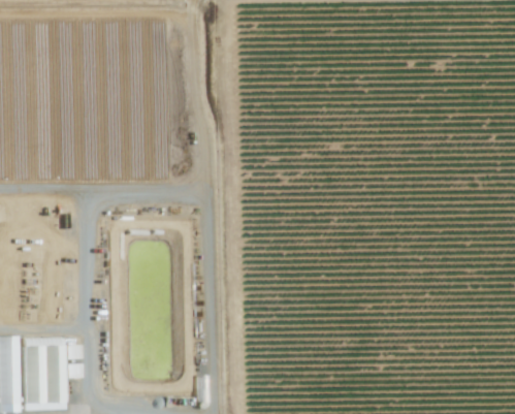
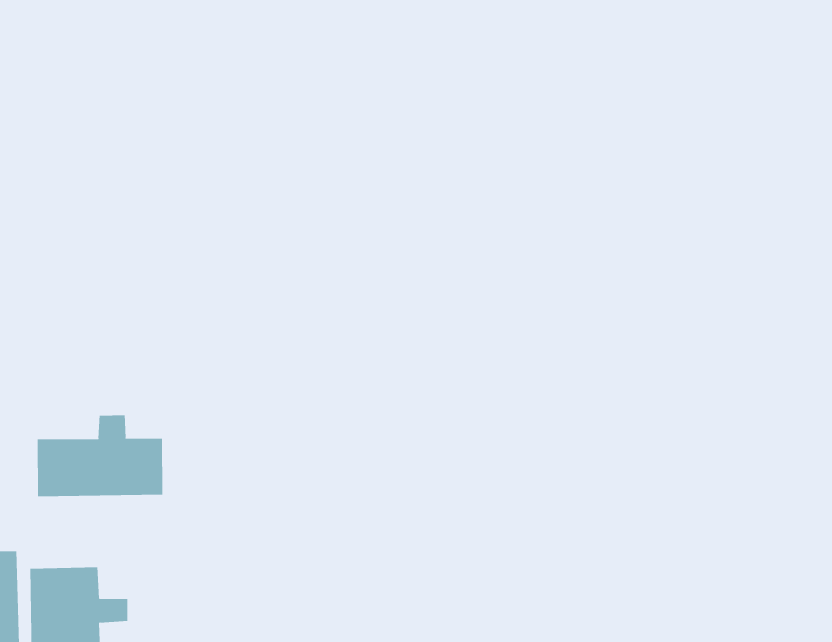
building: none -> [37,415,163,497]

